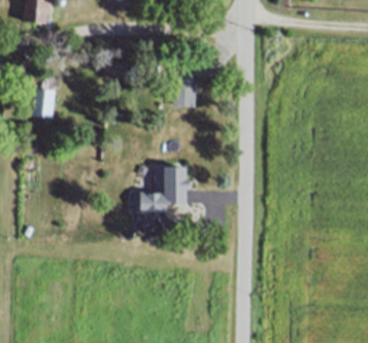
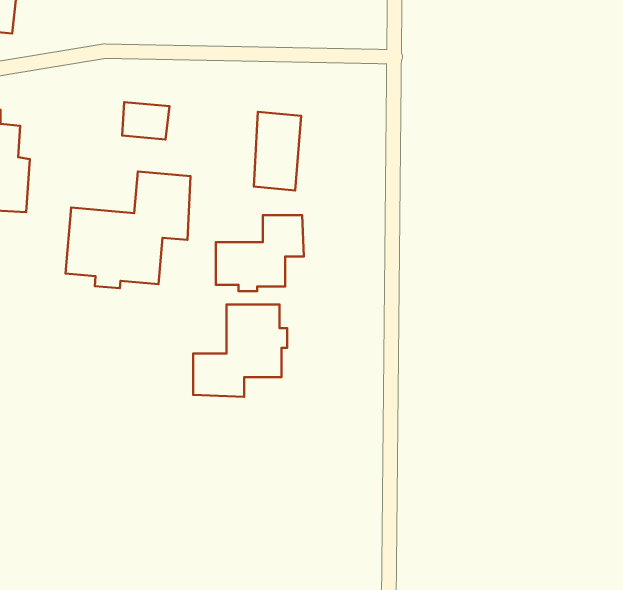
building: none -> [65,172,191,288]
building: none -> [216,215,304,291]

